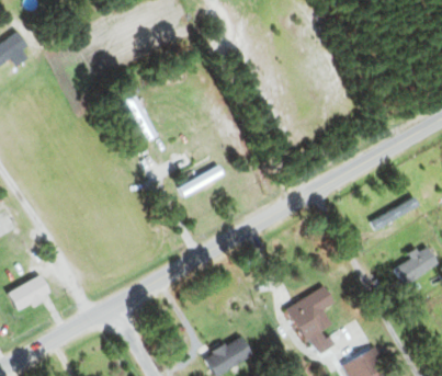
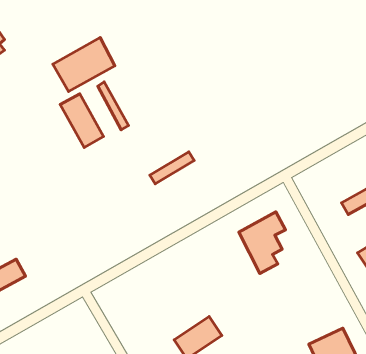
building: none -> [53,38,115,92]
building: none -> [60,94,104,147]
building: [287,286,336,350] -> [239,212,285,273]

